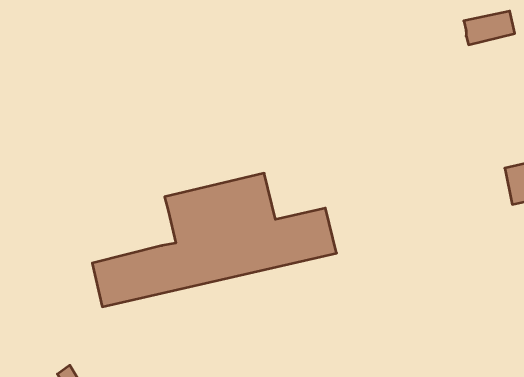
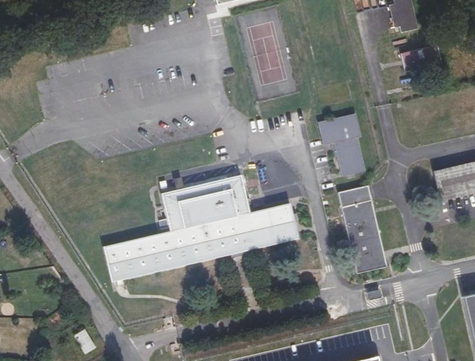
building: none -> [318,113,365,176]
building: none -> [338,185,387,273]

